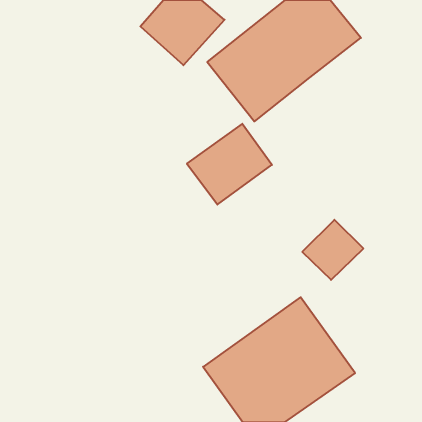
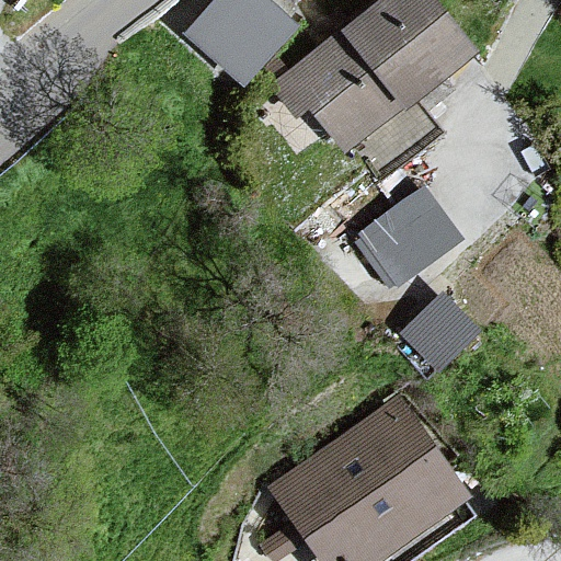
building: [187,124,272,205] -> [351,184,463,291]

